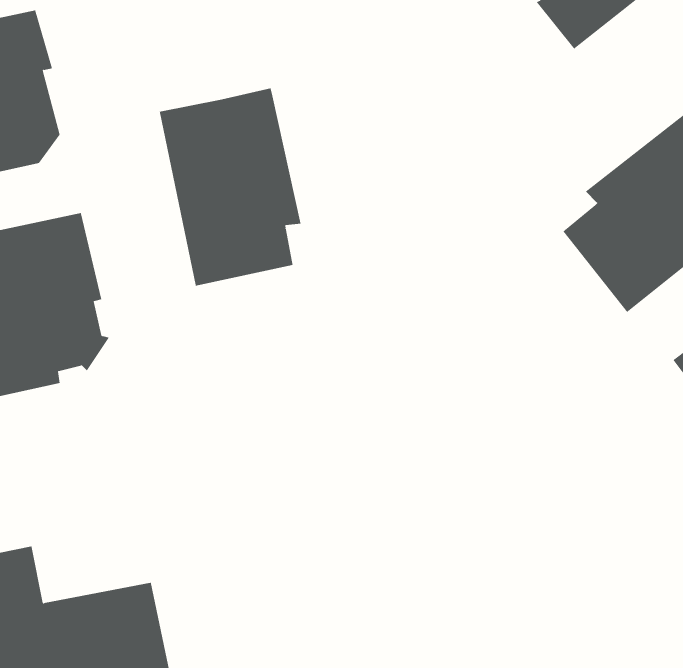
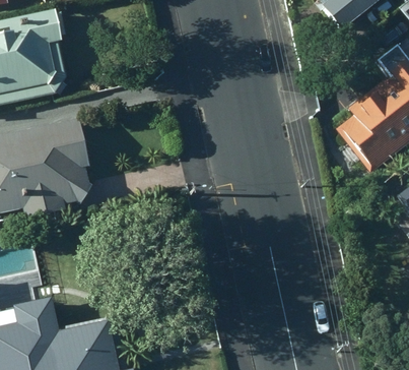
building: [159,88,301,287] -> none

